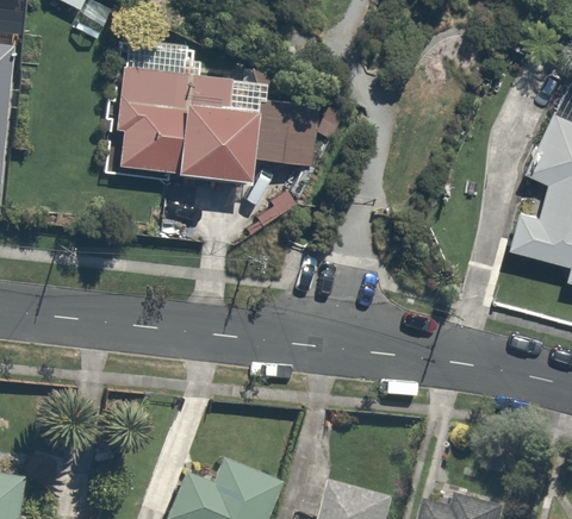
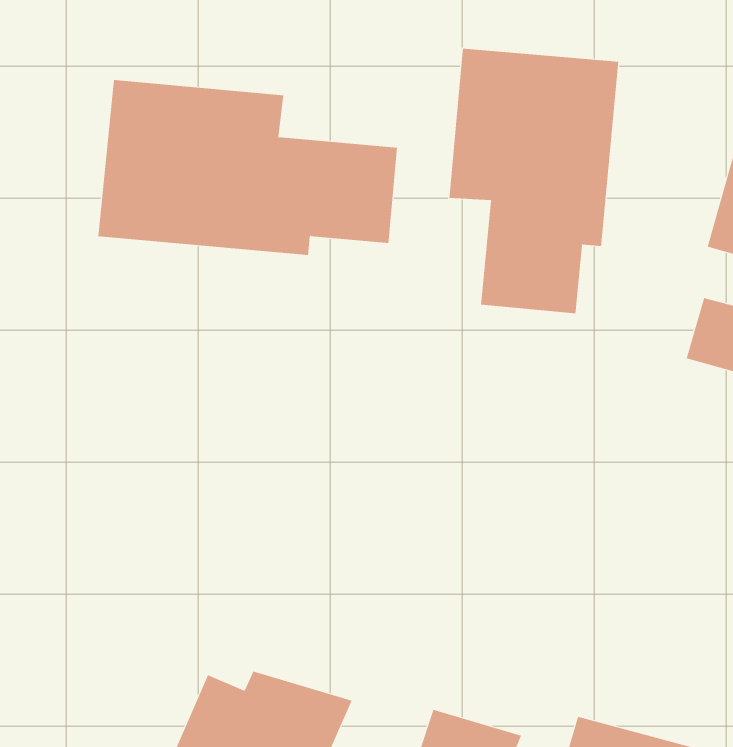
building: none -> [449,48,619,314]

